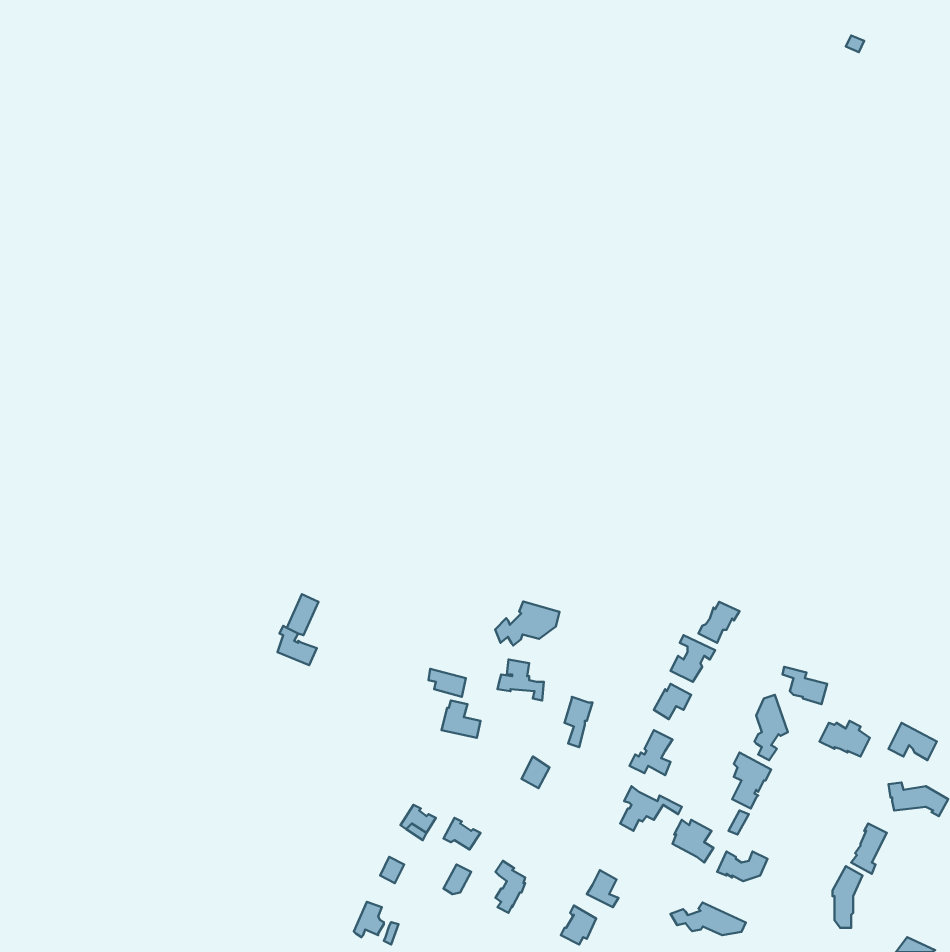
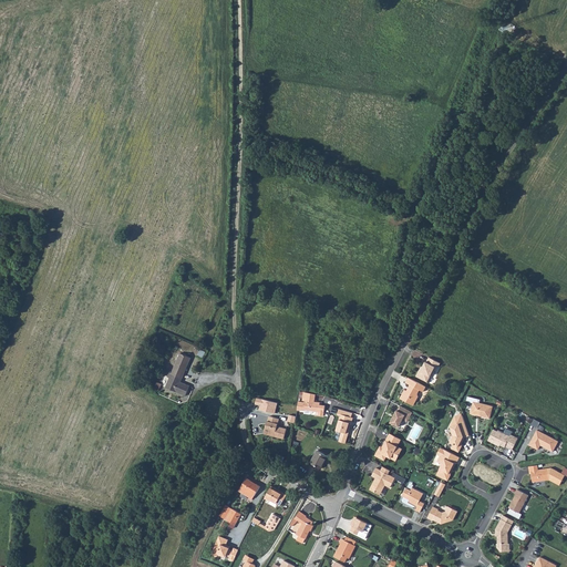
building: [495,601,560,645] -> none
building: [670,903,746,935] -> none

